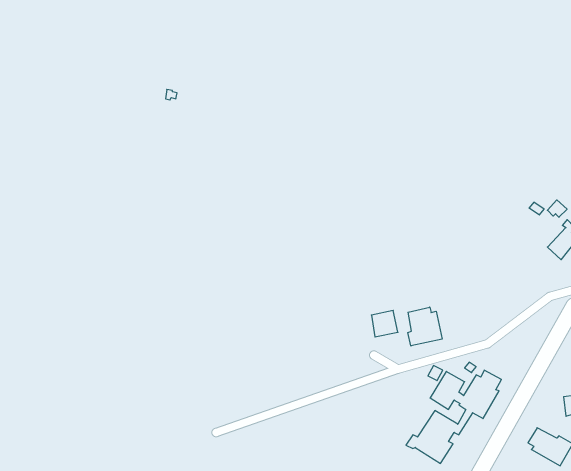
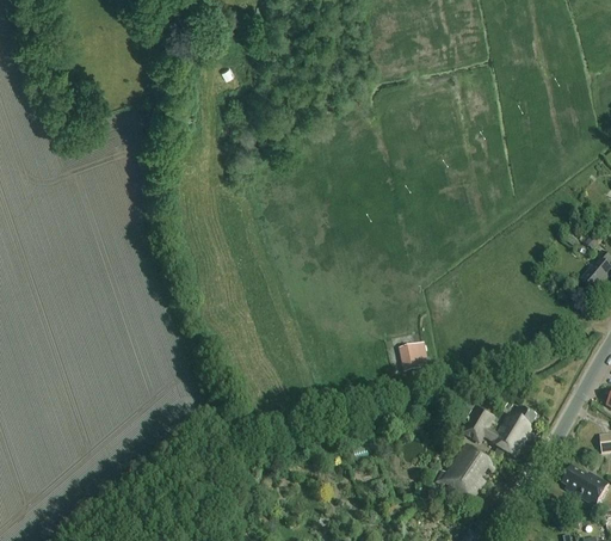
building: [408,307,442,346] -> none

